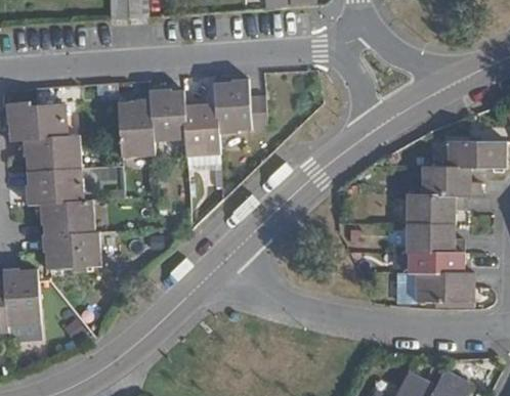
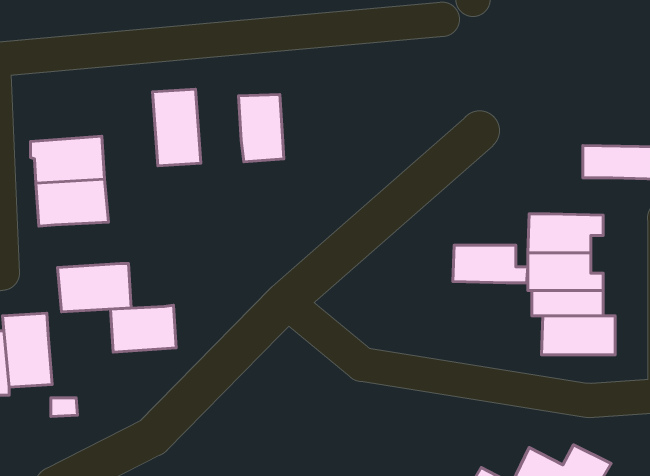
building: [215,79,268,135] -> none
building: [151,88,186,141] -> none
building: [12,104,67,139] -> none
building: [422,167,479,195] -> [453,245,528,283]
building: [44,200,94,235] -> [111,305,176,352]

